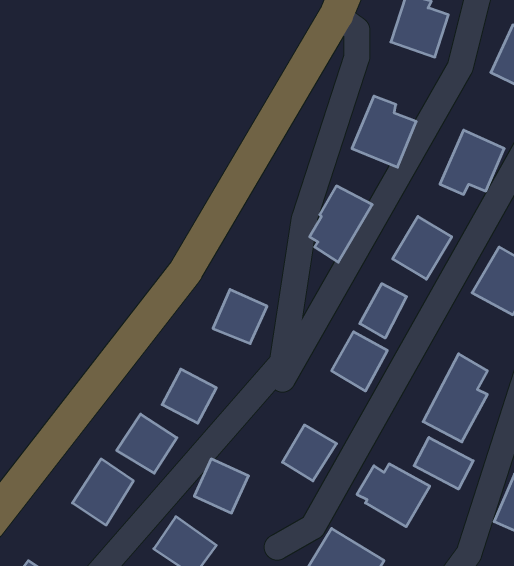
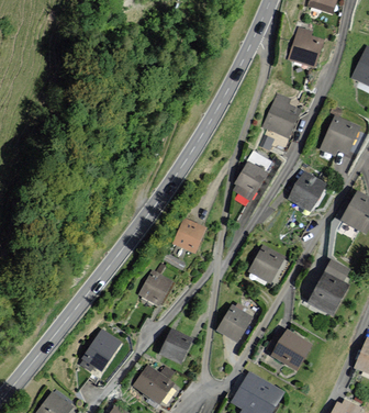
building: [360,284,407,338] -> none
building: [117,414,177,473] -> none
building: [414,437,473,489] -> none

